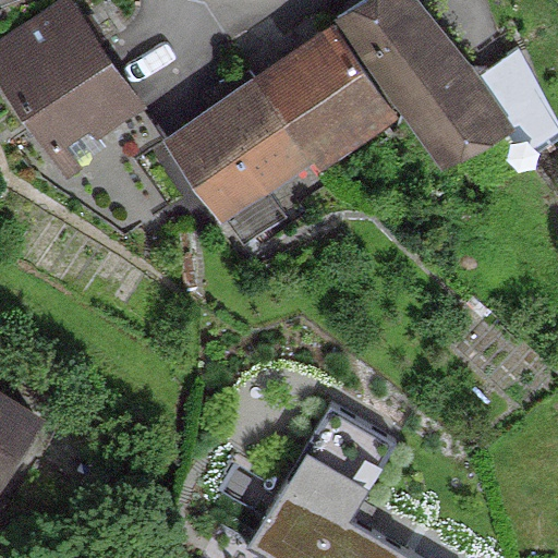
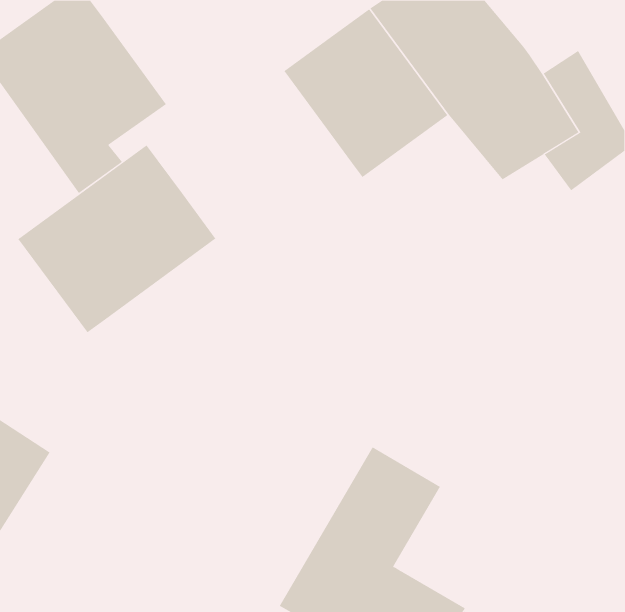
building: [160,76,312,225] -> none
building: none -> [18,145,216,333]

